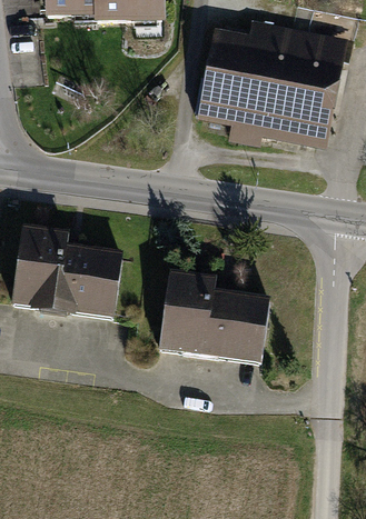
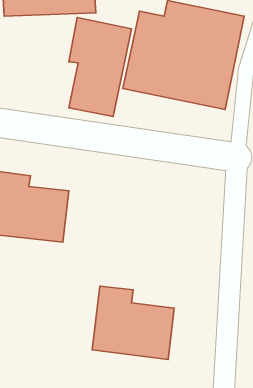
building: none -> [69,18,131,116]
building: [166,271,270,365] -> [92,286,174,360]

